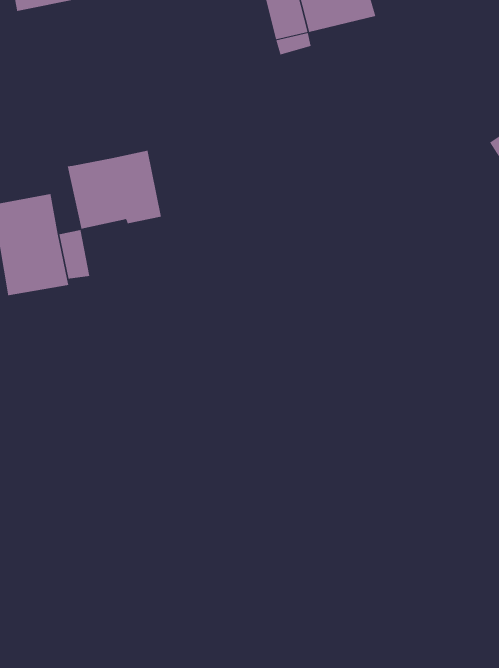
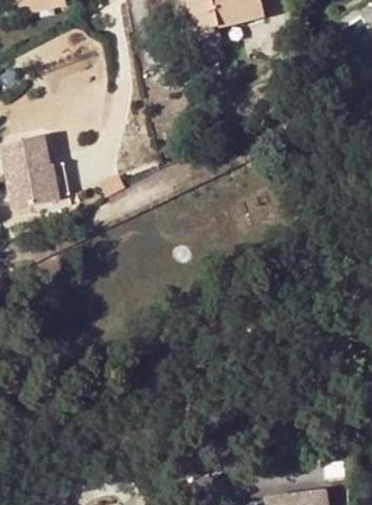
building: [67,150,162,230] -> none

